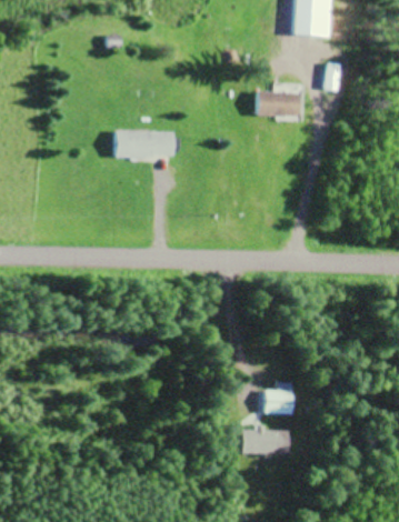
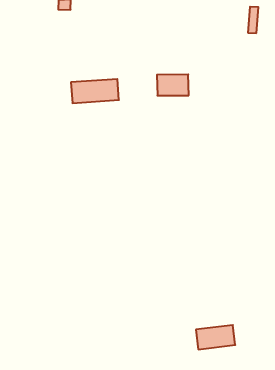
building: [257,91,295,118] -> [157,74,189,96]
building: [263,384,293,415] -> none

